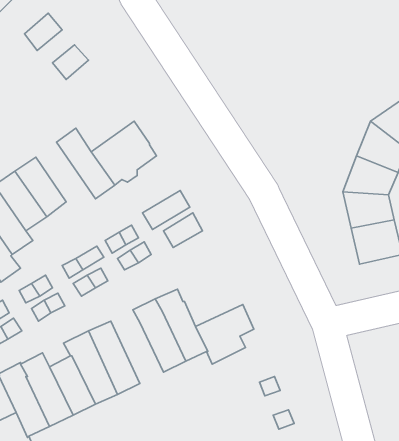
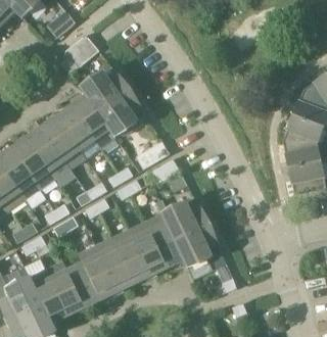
building: none -> [81,71,130,112]
building: none -> [57,105,101,157]
building: none -> [161,197,209,241]
building: none -> [112,229,151,283]

